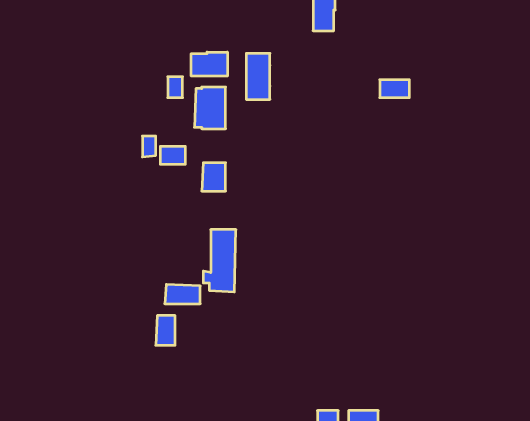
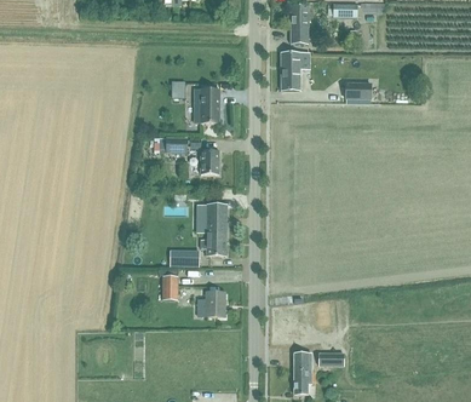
building: [191,52,227,76] -> none
building: [246,53,270,99] -> [281,53,300,91]
building: none -> [200,292,225,317]

